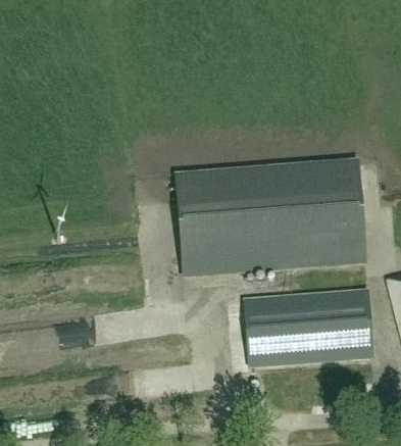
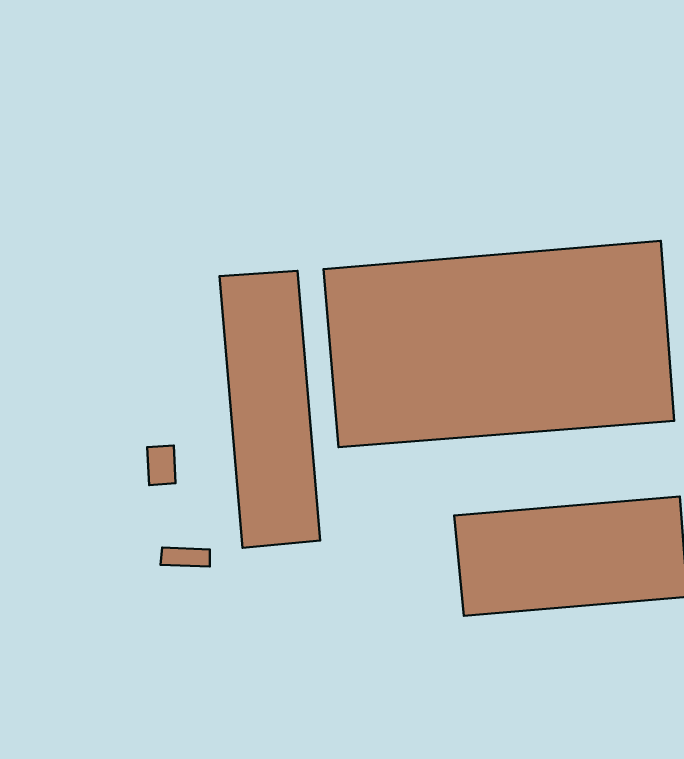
building: none -> [220,271,320,548]

